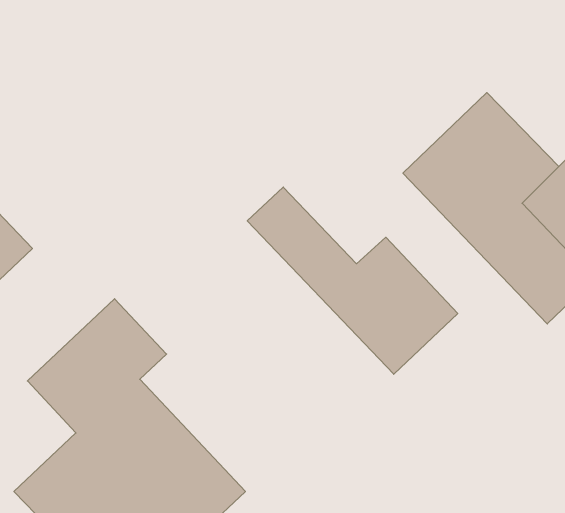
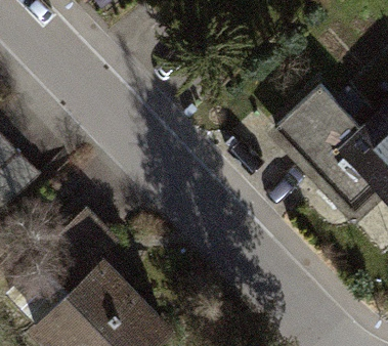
building: [247,187,458,374] -> none

